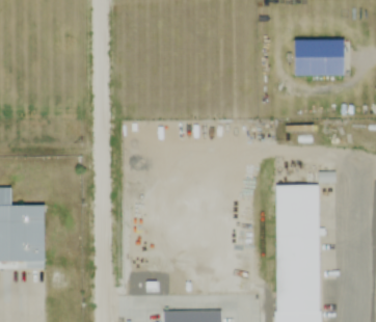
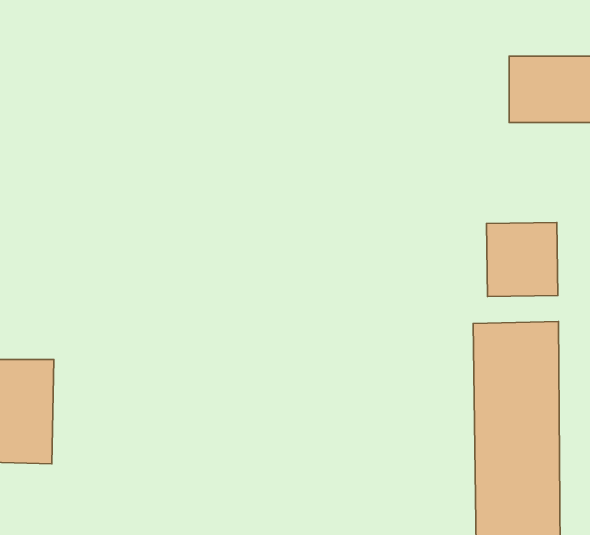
building: none -> [486,223,558,296]

